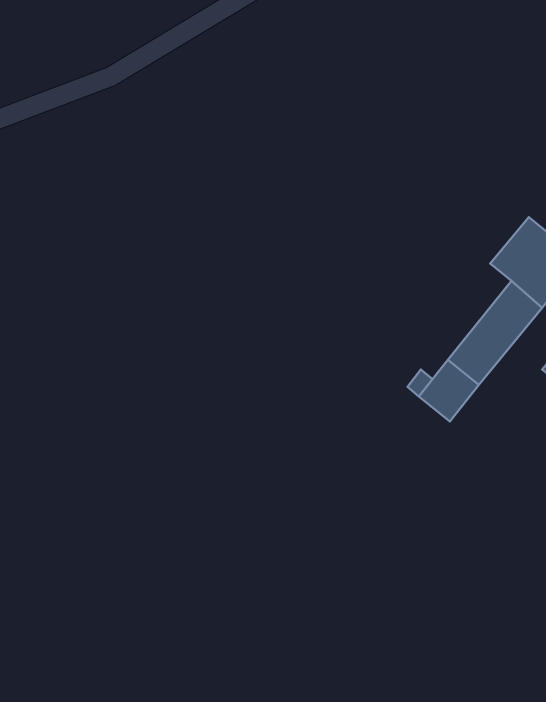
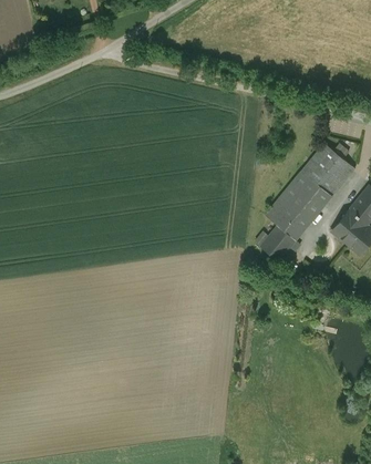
building: none -> [264,171,313,226]

